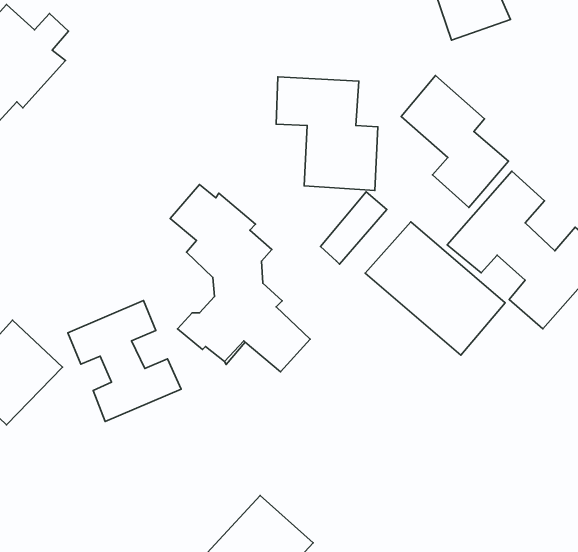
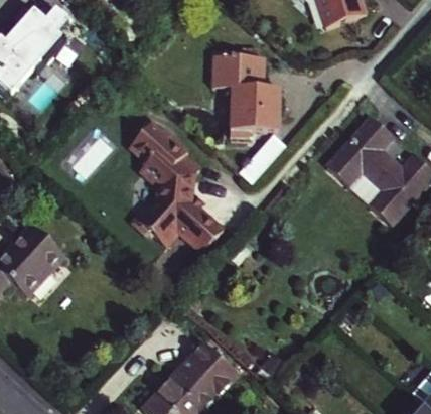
building: [401,76,508,208] -> none
building: [365,222,505,355] -> none
building: [68,301,181,421] -> none

